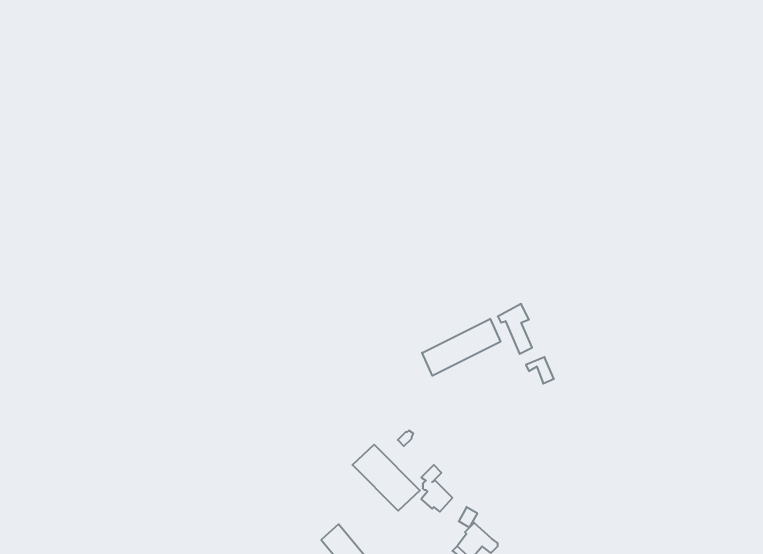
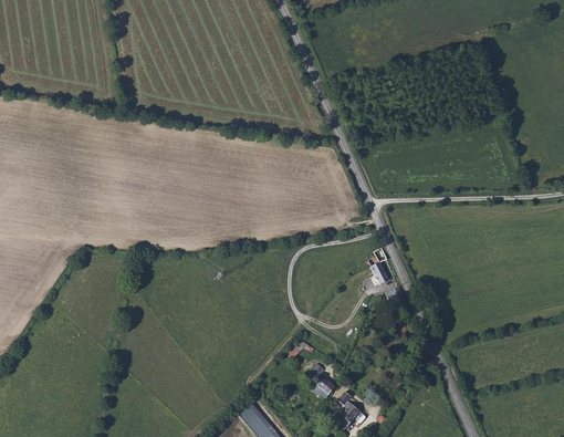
building: [422,319,500,376] -> none
building: [352,445,420,511] -> none

